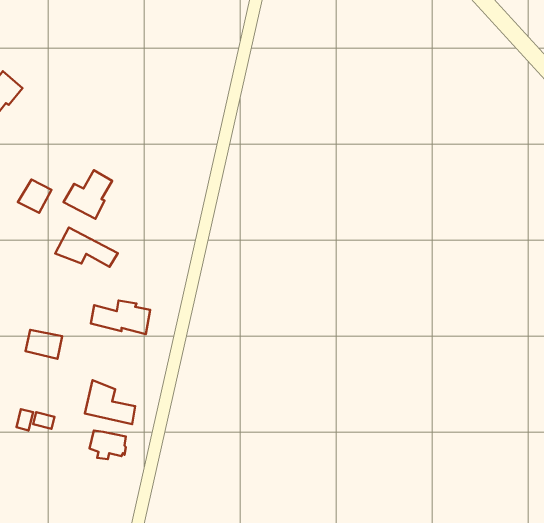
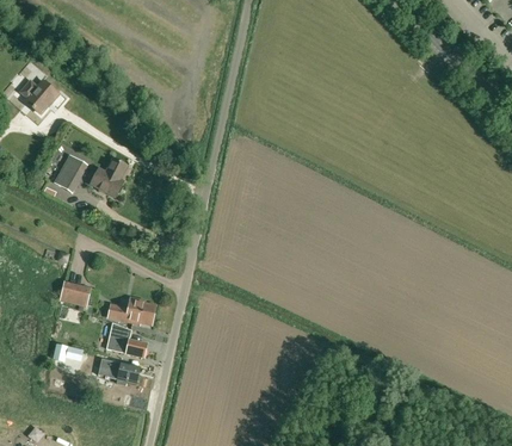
building: [55,228,118,267] -> none
building: [91,301,150,334] -> [109,298,155,324]

